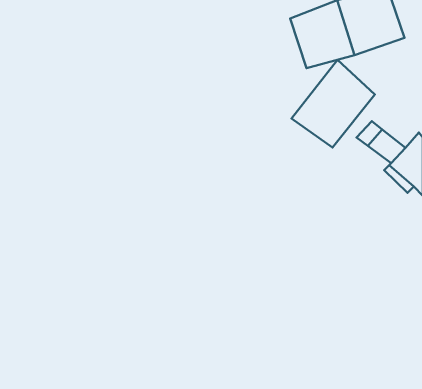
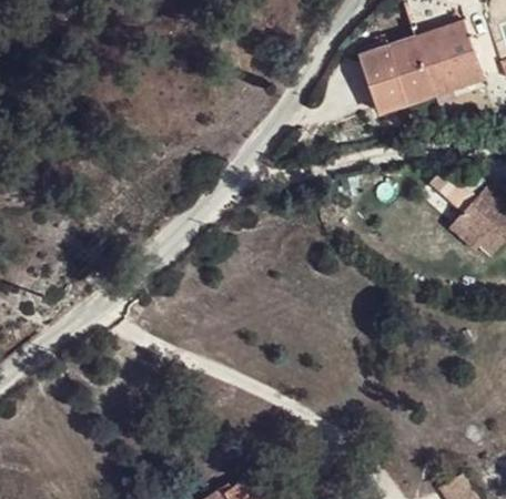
building: [292,60,375,148] -> none

